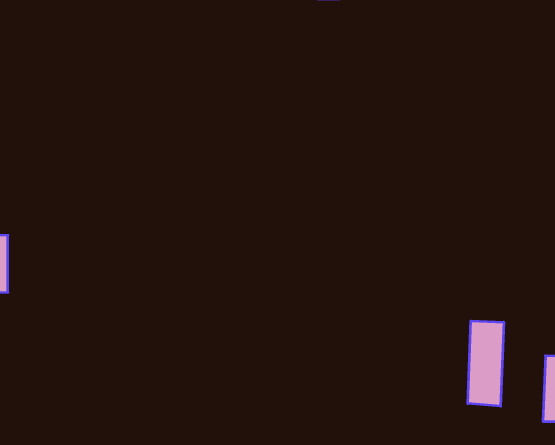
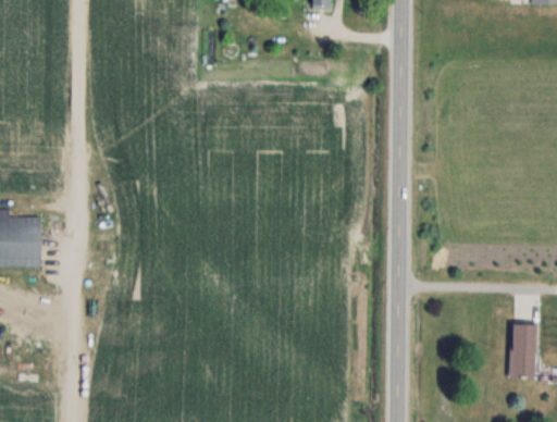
building: [468,321,504,406] -> none

